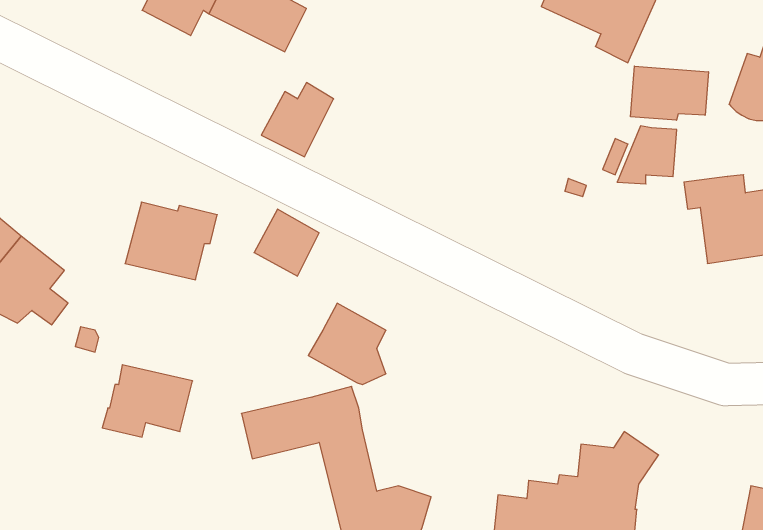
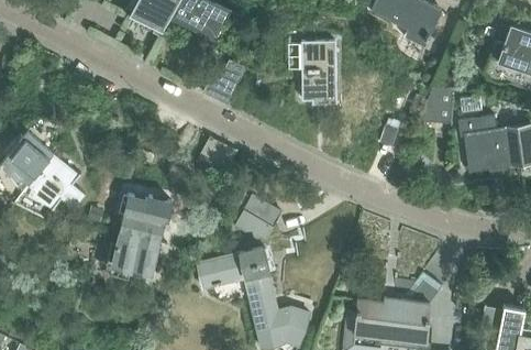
building: none -> [303,42,339,105]
building: [631,66,708,120] -> none
building: [125,202,217,280] -> [118,195,174,242]

